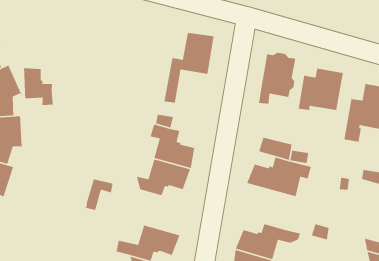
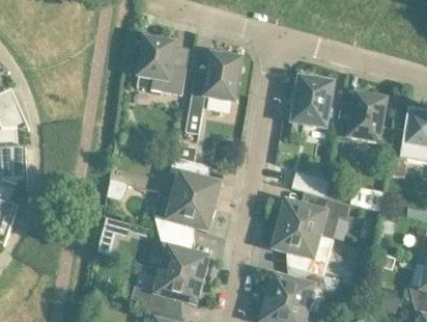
building: none -> [136,36,186,93]
building: [23,67,53,106] -> none
building: none -> [273,222,333,274]
building: none -> [158,230,207,280]

